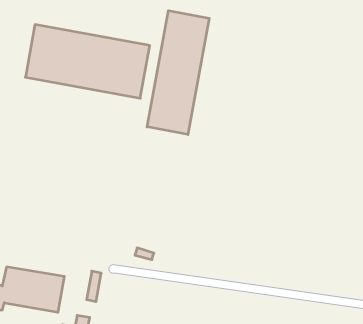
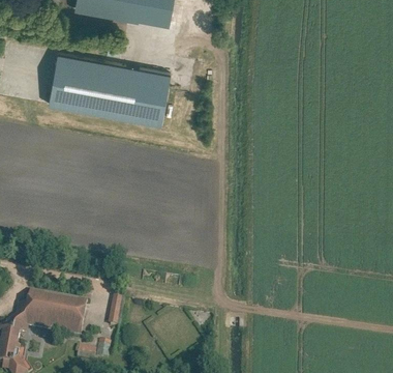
building: [147,11,209,135] -> none

